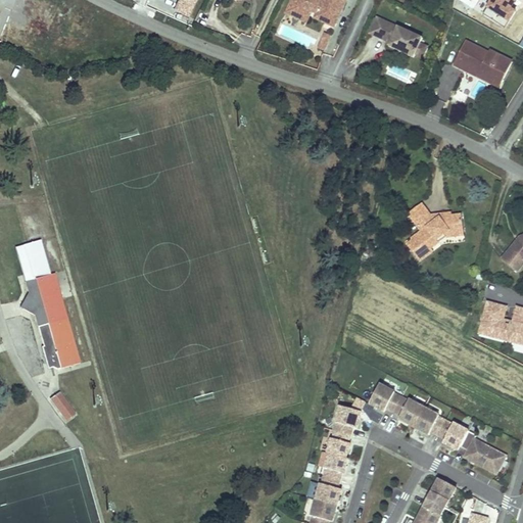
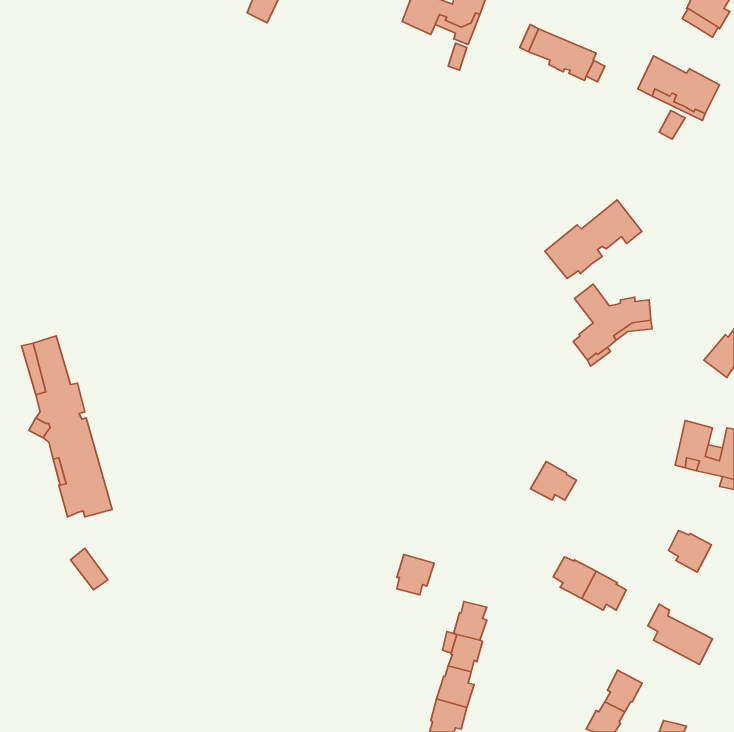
building: none -> [545,200,642,278]
building: [369,383,401,411] -> [530,461,576,500]
building: [330,403,356,432] -> [397,555,434,595]
building: [438,420,469,449] -> [669,531,712,572]

